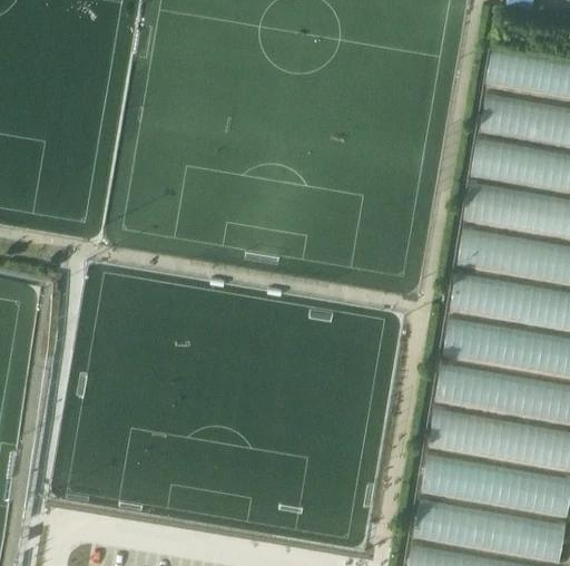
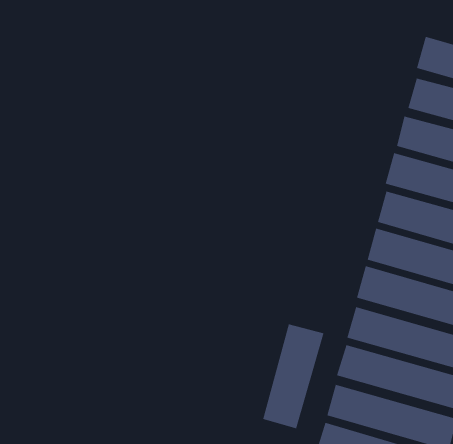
building: none -> [262,323,324,429]

